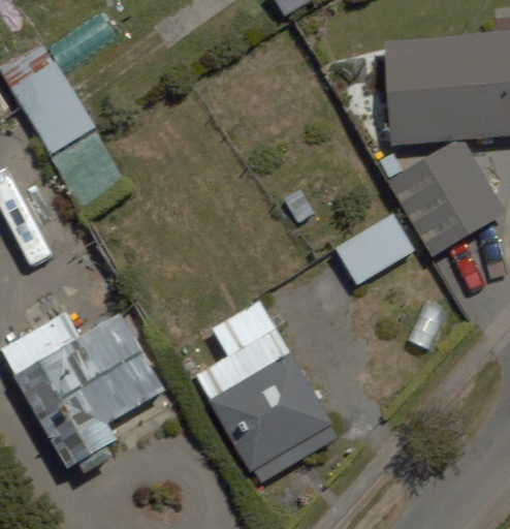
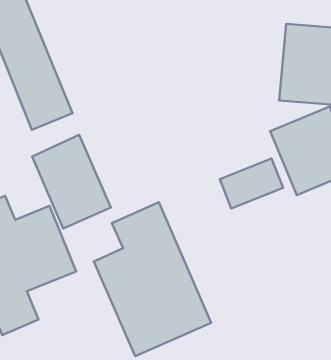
building: none -> [32,135,111,228]

